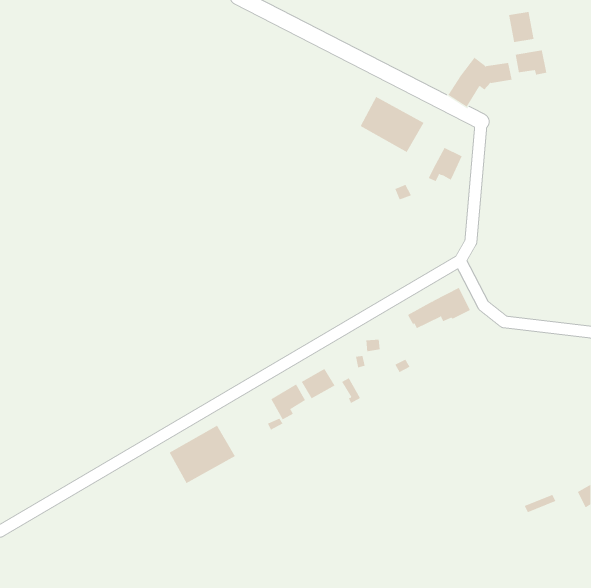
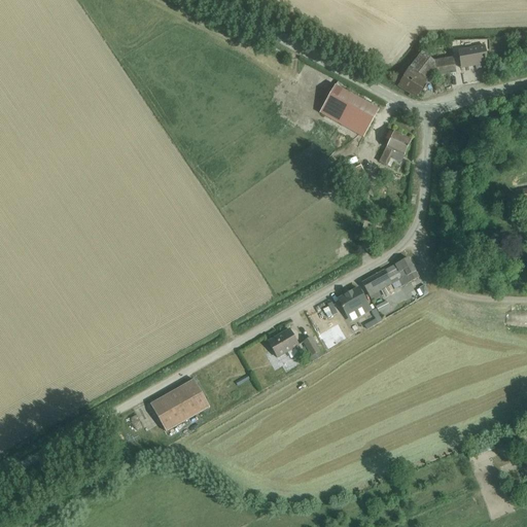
building: [509,11,534,43] -> none
building: none -> [338,286,366,313]
building: [271,384,306,420] -> none

